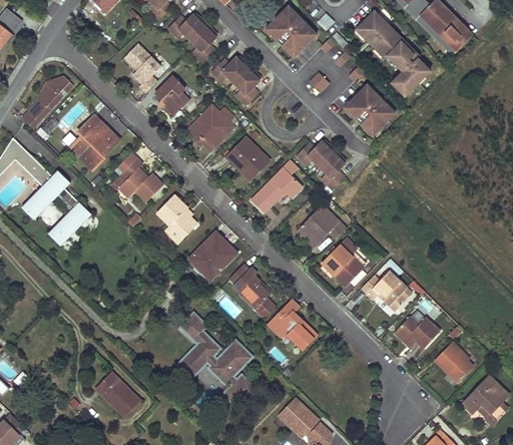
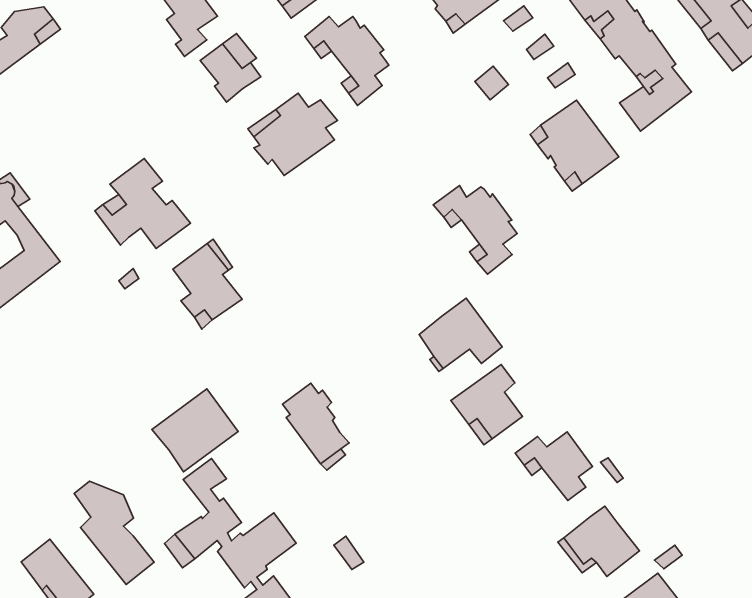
building: [71,113,121,168] -> none
building: [227,136,270,176] -> none
building: [250,158,303,211] -> none
building: [189,232,237,280] -> [152,389,238,472]
building: [268,302,316,349] -> none
building: none -> [74,481,154,584]

